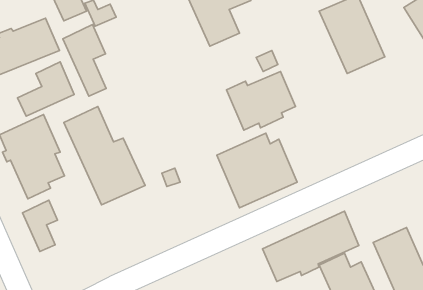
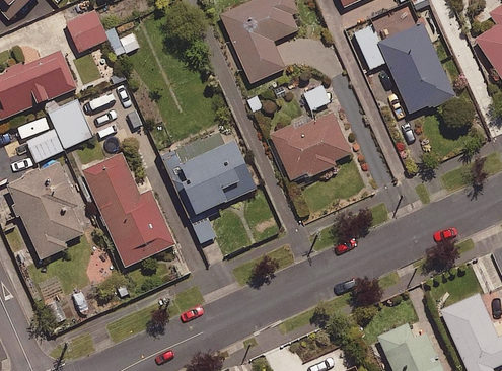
building: [63,25,106,96] -> none
building: [217,133,297,208] -> [162,131,256,217]
building: [23,200,57,251] -> none
building: [262,211,359,282] -> none

